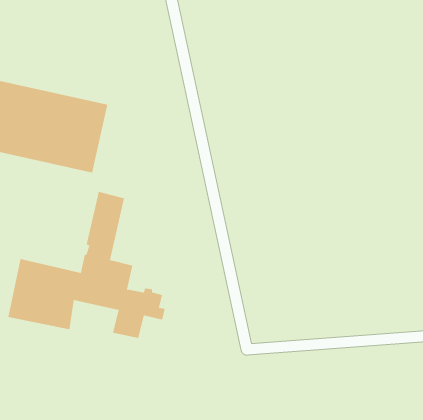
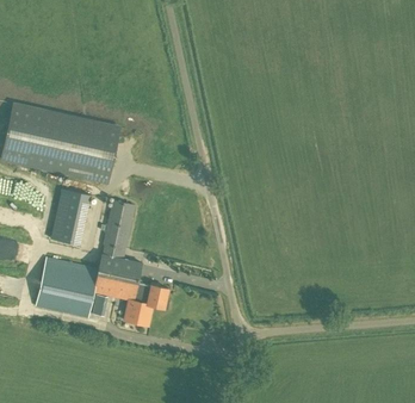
building: none -> [51,182,91,244]

